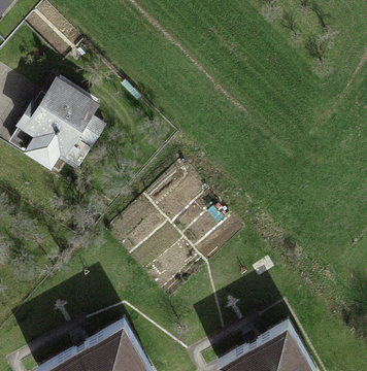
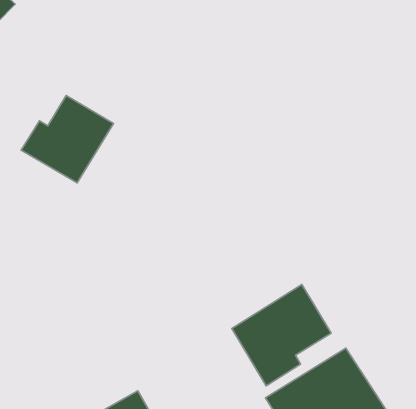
building: none -> [232,285,331,386]

